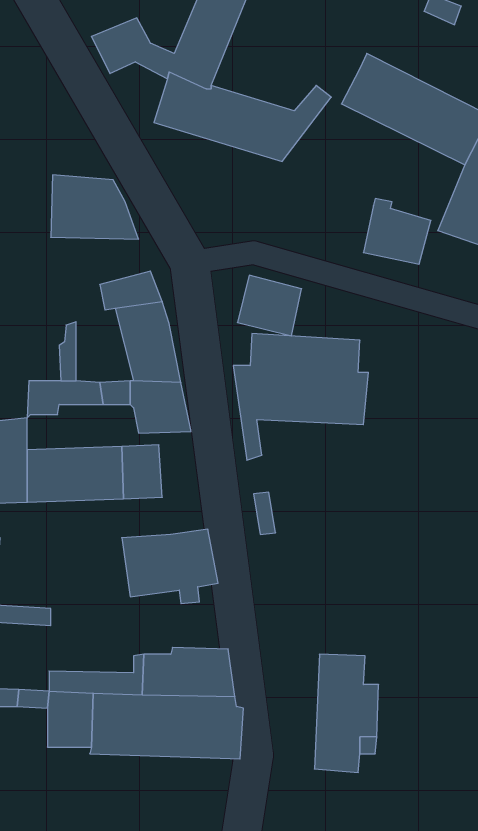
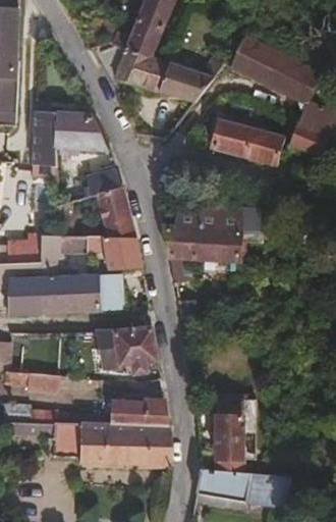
building: none -> [34,111,57,167]
building: [237,275,302,336] -> [212,122,250,159]
building: none -> [197,471,305,504]

